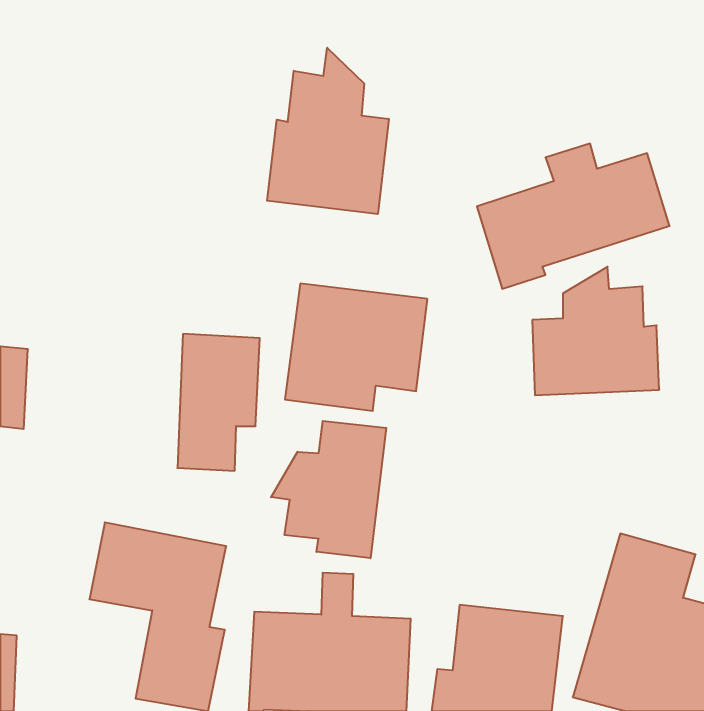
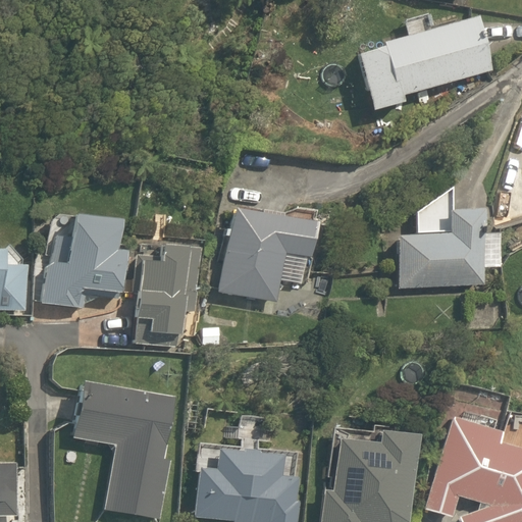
building: [267,48,389,214] -> none
building: [477,144,670,289] -> [355,7,495,113]
building: none -> [43,217,125,306]
building: [271,421,386,558] -> none

